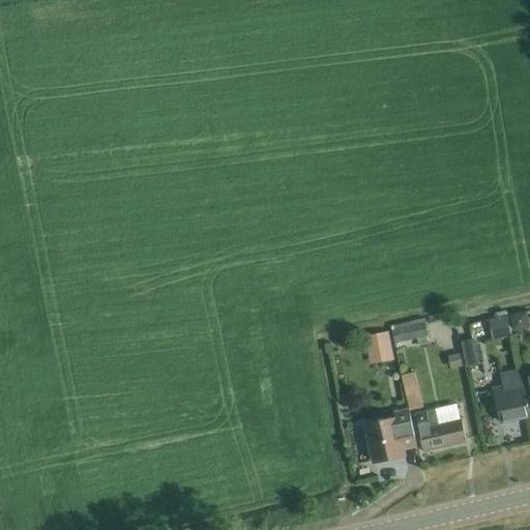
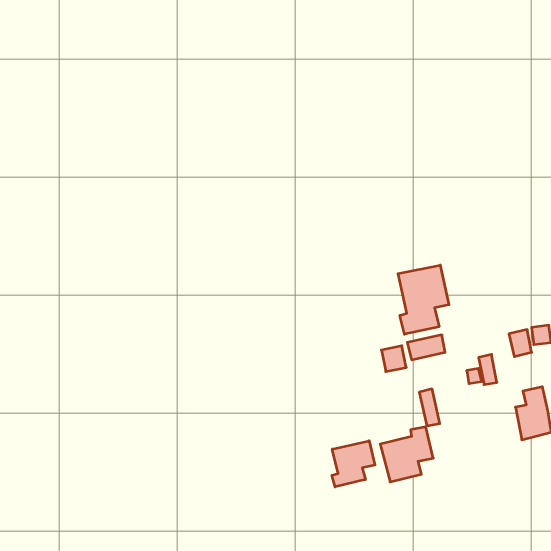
building: none -> [398,265,449,334]
building: [414,404,465,450] -> none
building: none -> [332,441,375,487]

